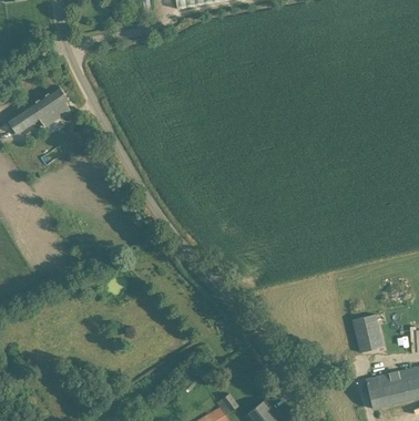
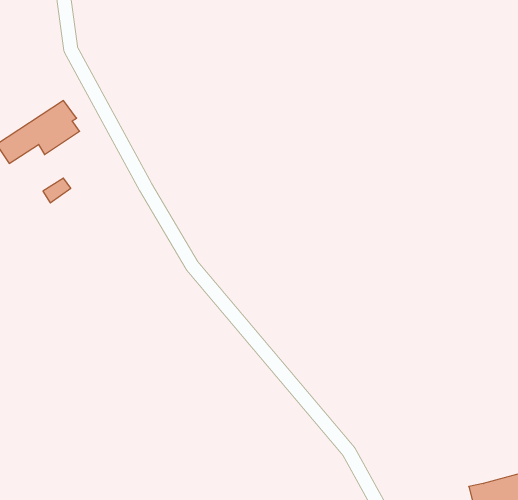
building: [354,314,382,352] -> none

